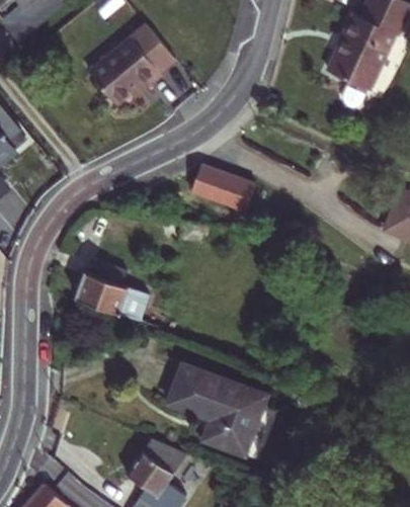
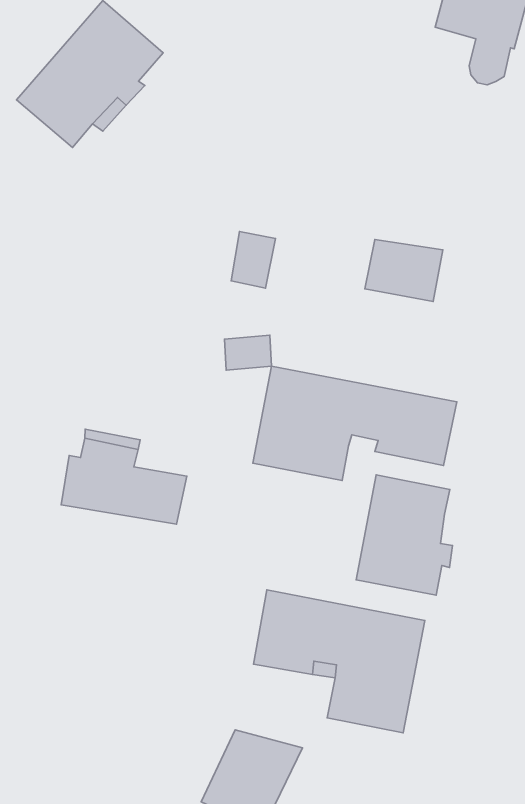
building: [210,172,256,212] -> [365,239,443,301]
building: none -> [253,366,457,480]
building: none -> [356,475,452,595]

